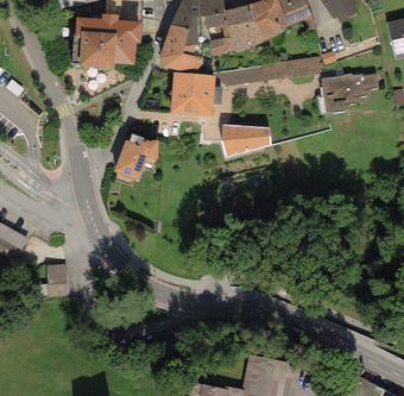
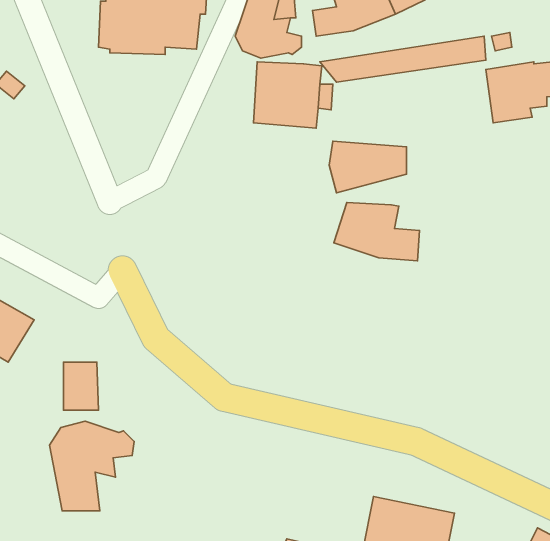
building: [114,140,158,180] -> none
building: none -> [334,203,420,261]
building: none -> [49,421,134,511]

